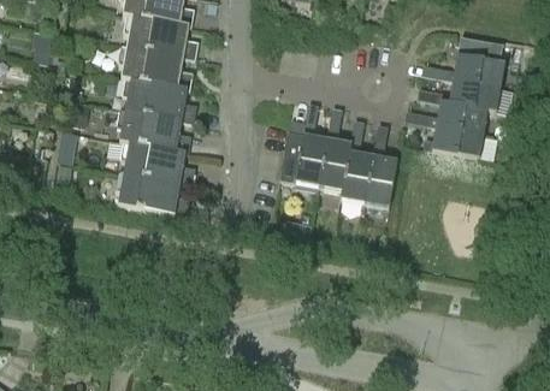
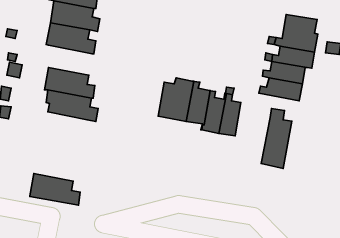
building: [123,81,196,124] -> none
building: none -> [261,108,292,168]
building: [118,174,189,219] -> [30,173,80,205]

